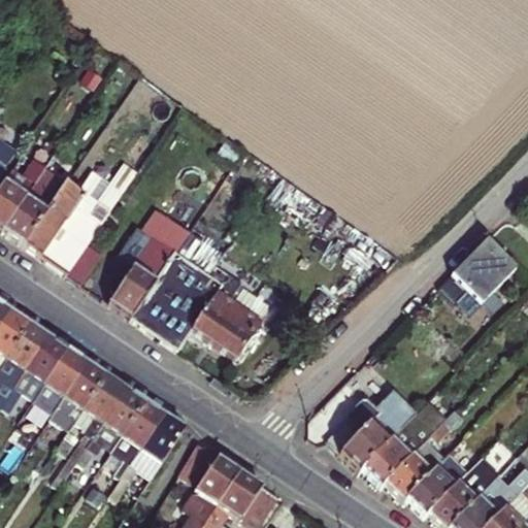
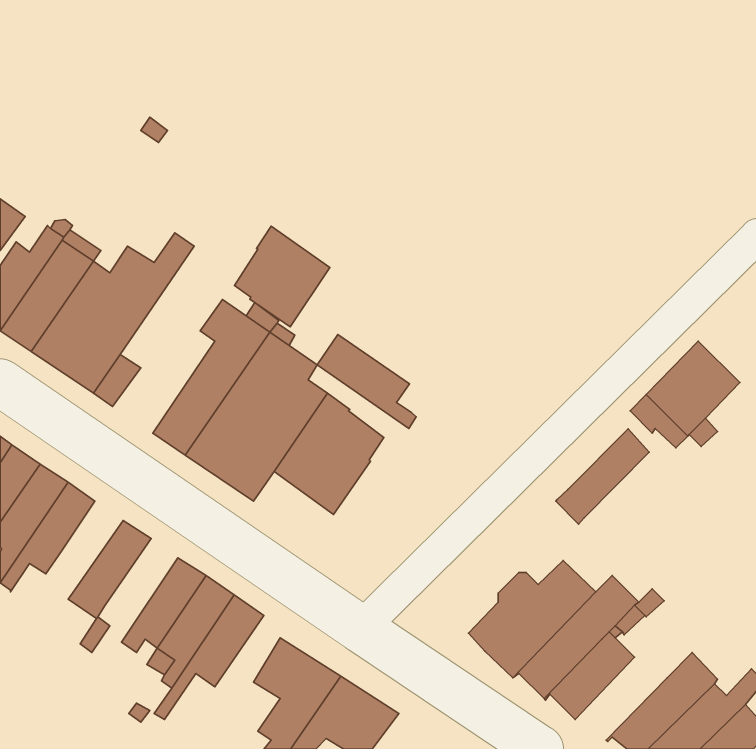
building: none -> [234,226,330,327]
building: none -> [317,334,416,428]
building: none -> [556,429,649,524]
building: [33,349,87,412] -> none
building: [52,374,125,488] -> none
building: [401,453,465,515] -> none

